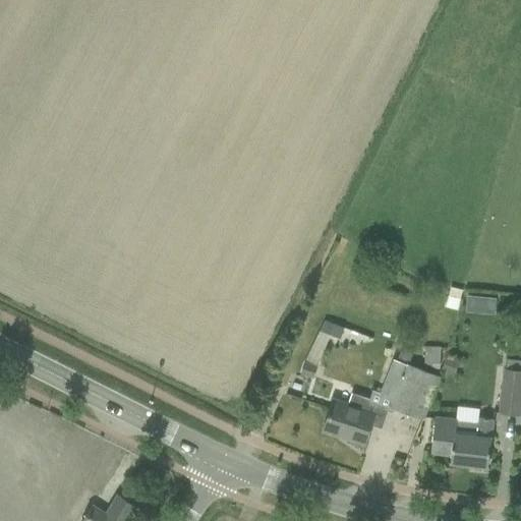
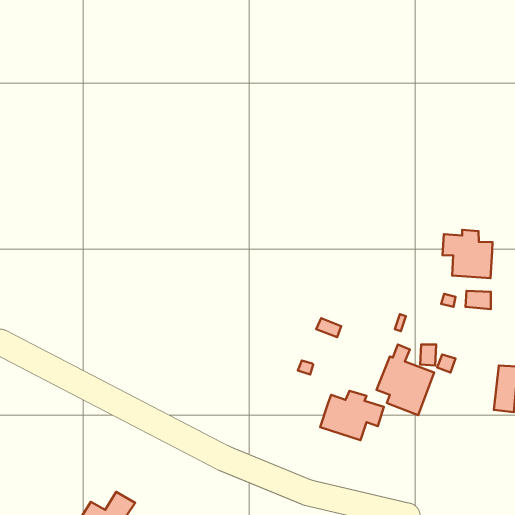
building: none -> [442,230,492,278]
building: [431,418,494,468] -> none

